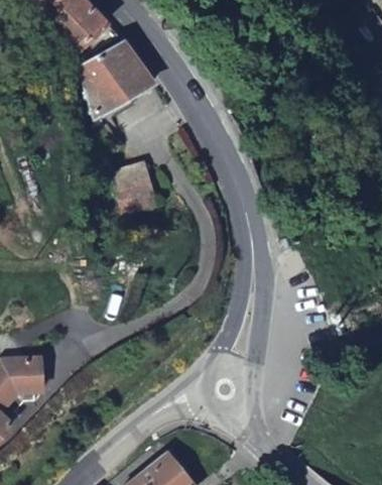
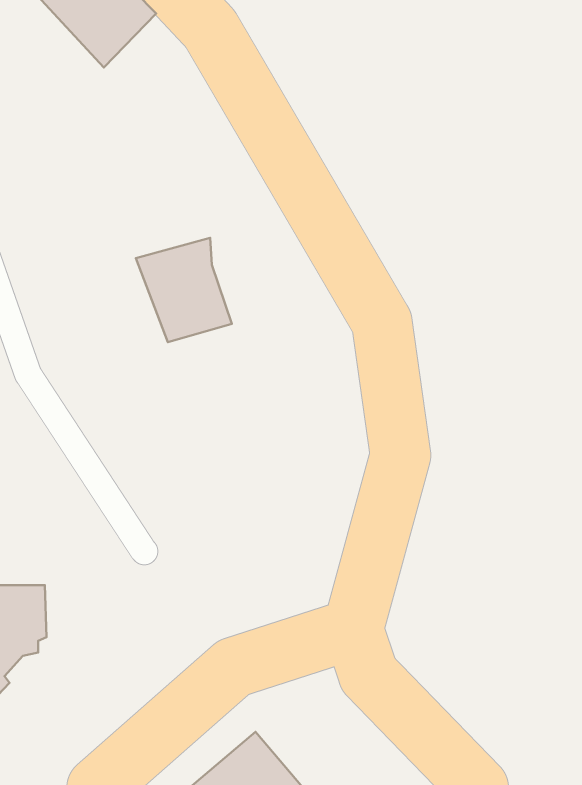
building: [80,38,155,117] -> none

